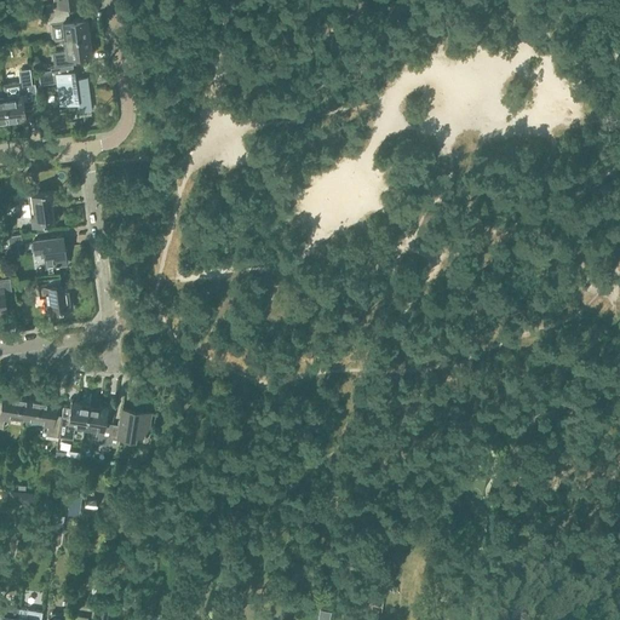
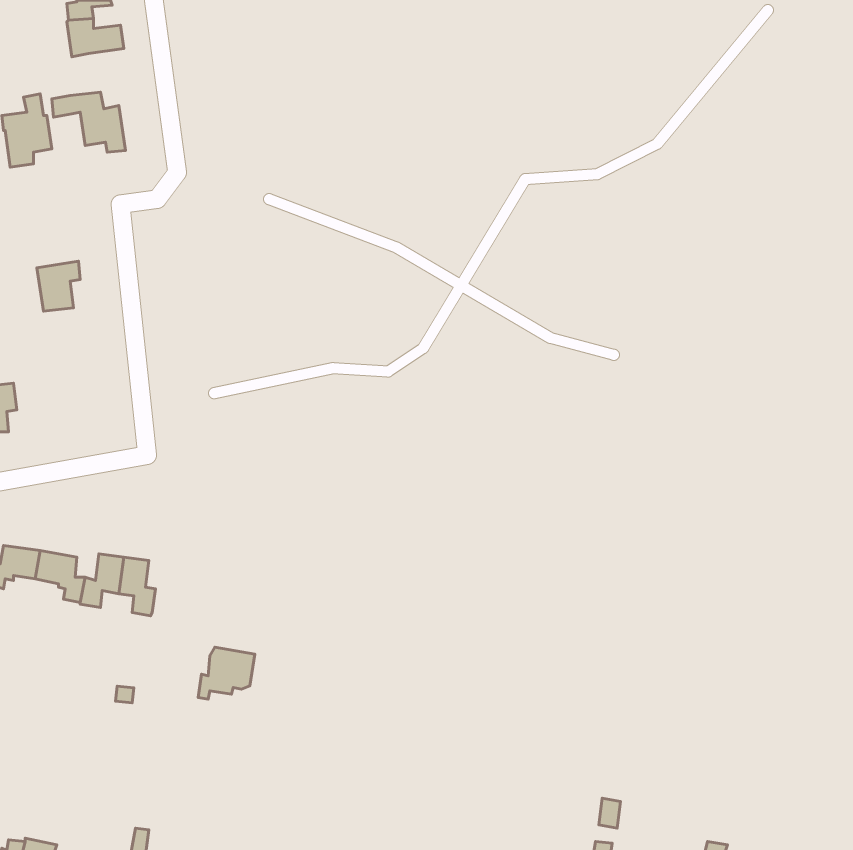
building: [53,39,93,70] -> none
building: [31,237,70,272] -> none
building: [36,283,71,315] -> none
building: [110,411,151,448] -> [198,647,255,699]

